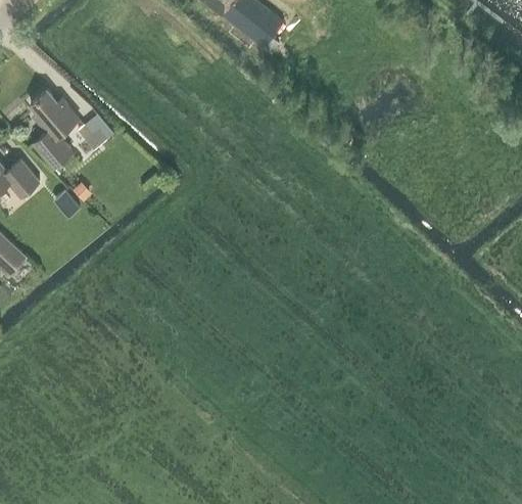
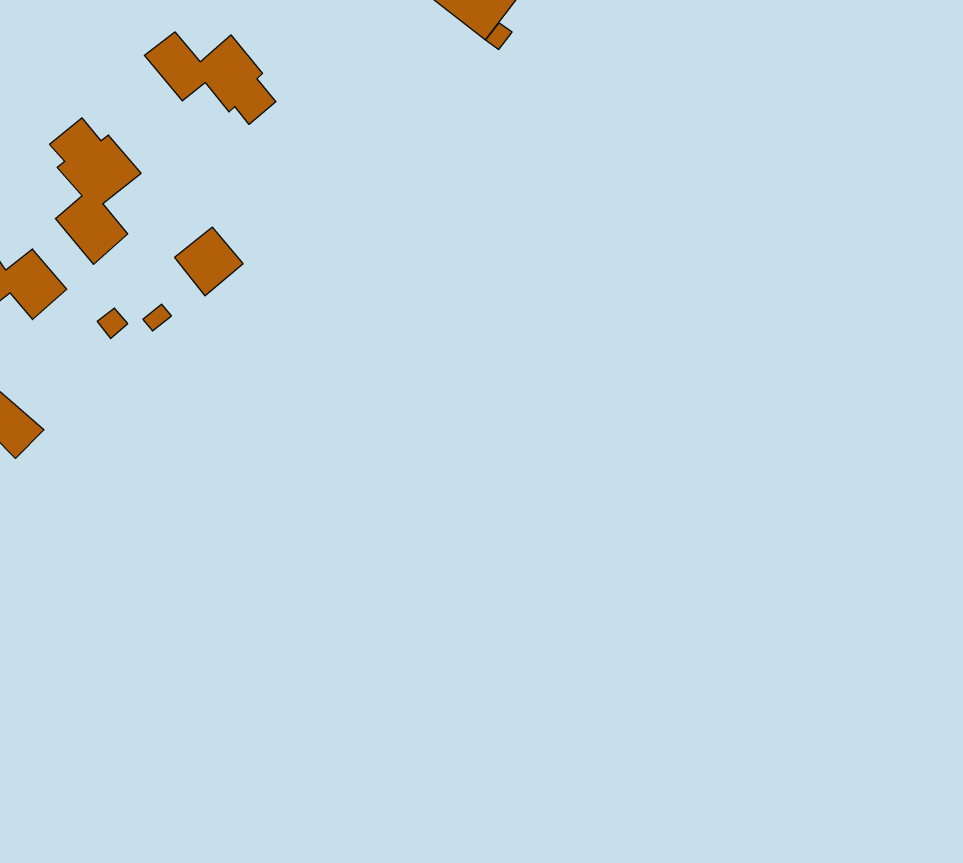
building: none -> [144,32,276,124]
building: [77,114,113,151] -> [175,227,243,296]

